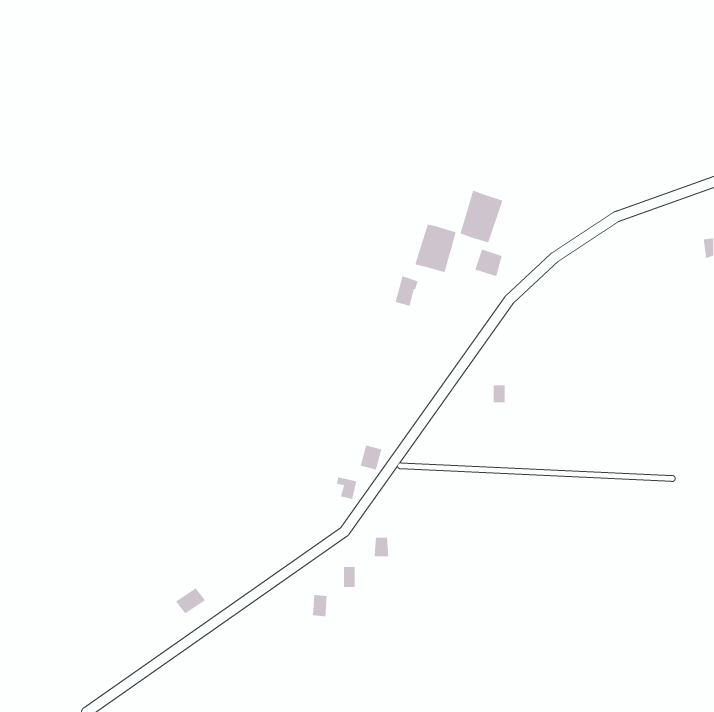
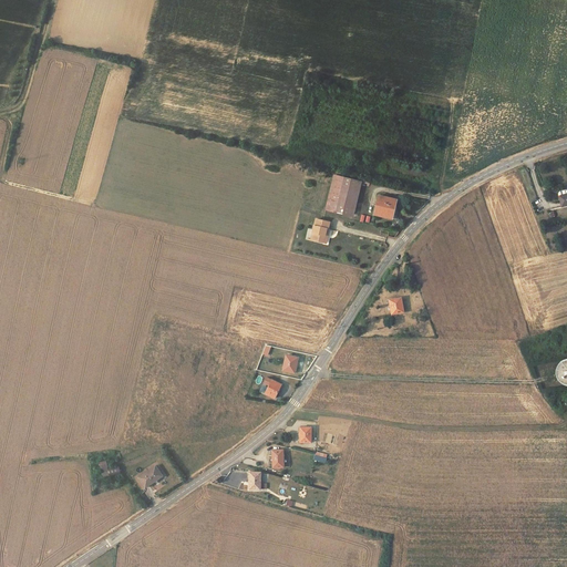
building: [460,190,503,243] -> none

